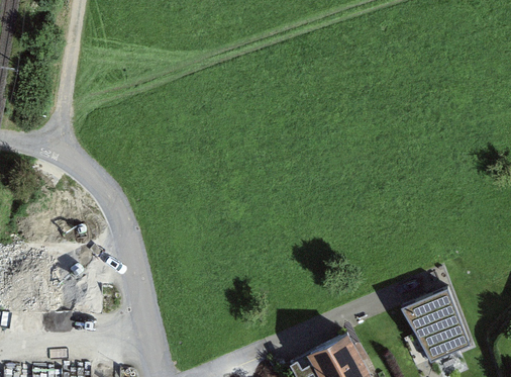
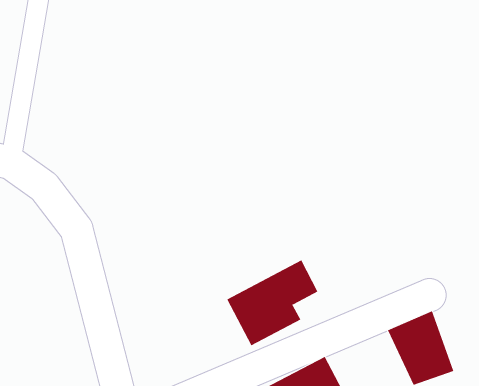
building: none -> [226,260,318,346]

